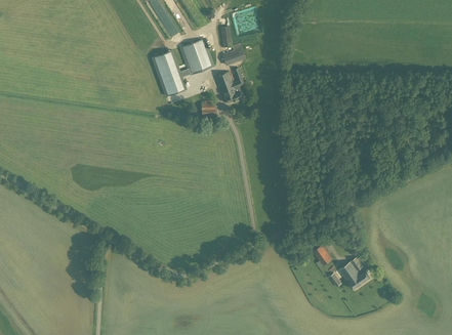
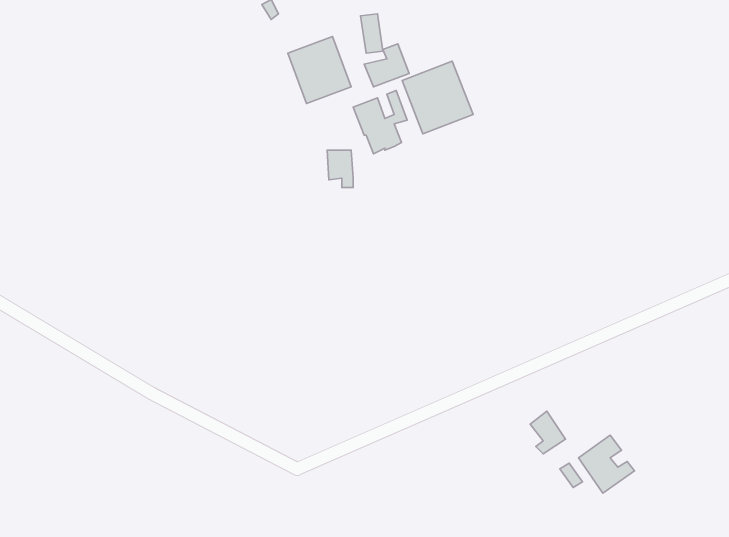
building: [152,50,186,96] -> none
building: none -> [402,61,473,134]

